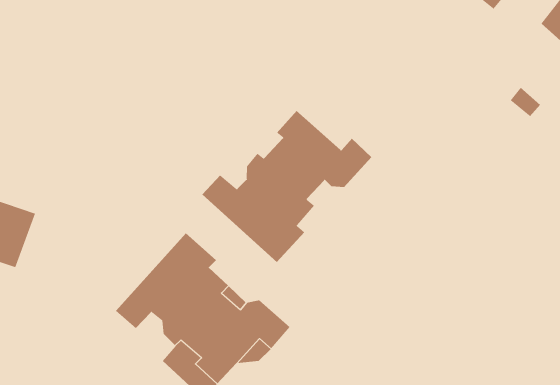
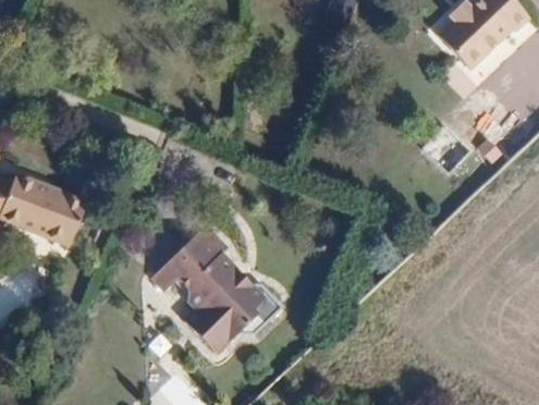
building: [202,110,372,263] -> none

